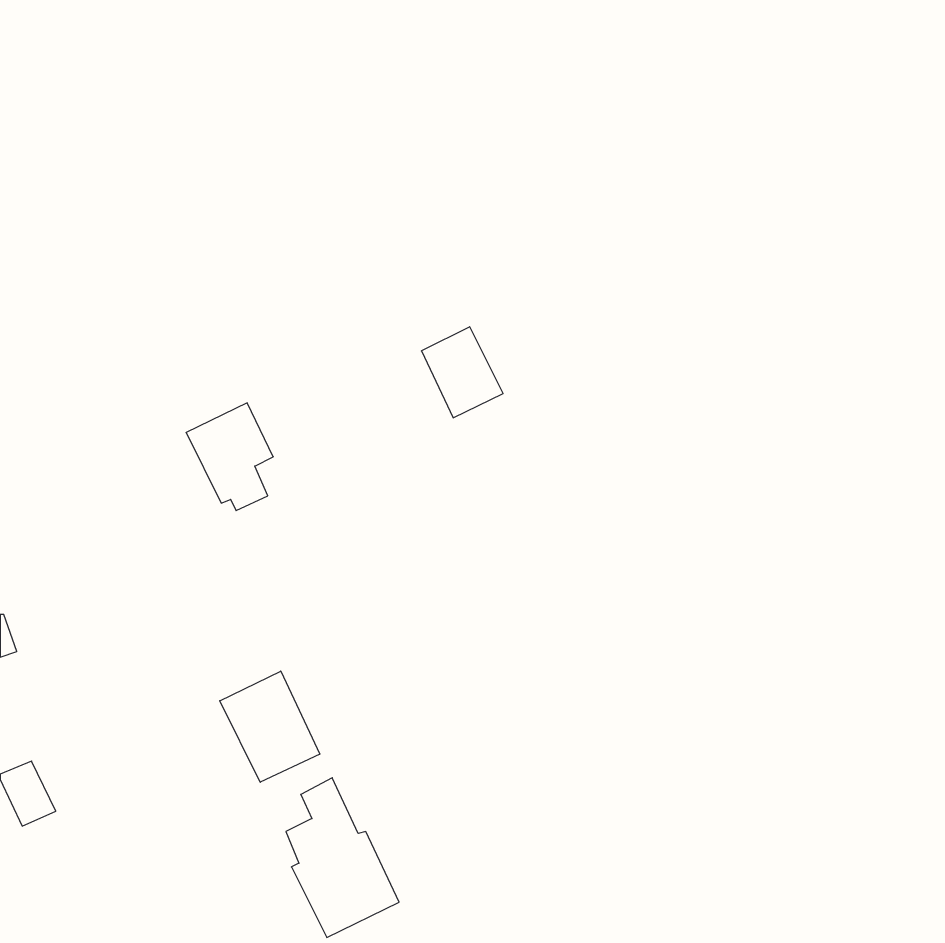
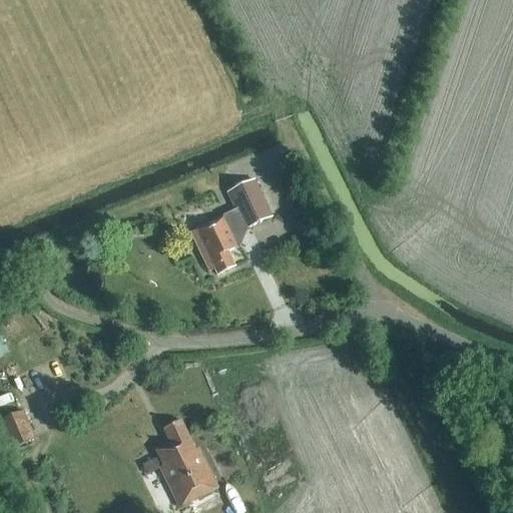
building: [186,403,273,511] -> [192,213,239,272]
building: [220,671,320,782] -> none

